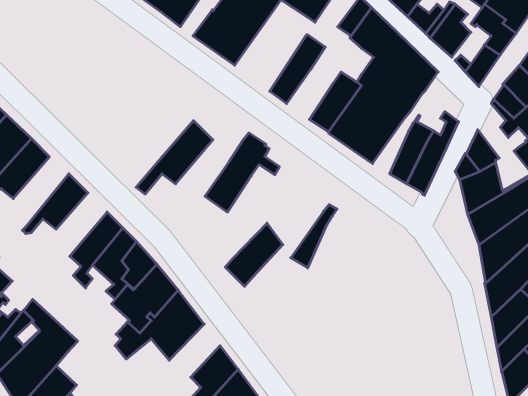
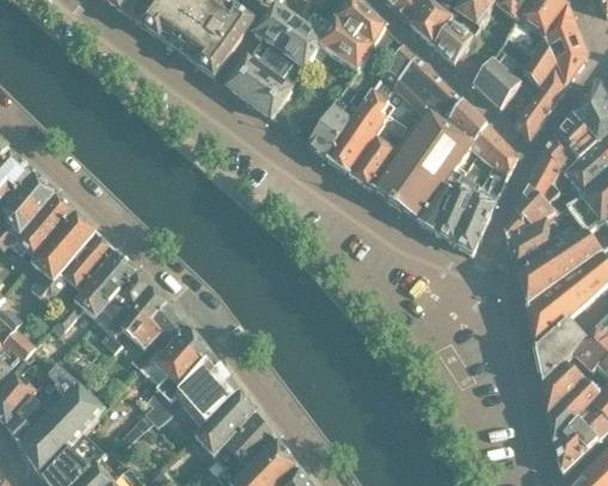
building: none -> [471,123,518,177]
building: none -> [529,158,573,215]
building: [136,121,213,194] -> [56,252,137,330]
building: [205,133,279,212] -> [327,91,406,174]
building: none -> [31,214,97,297]
building: [291,205,337,268] -> [418,165,467,232]
building: [225,223,283,286] -> [196,390,257,457]

